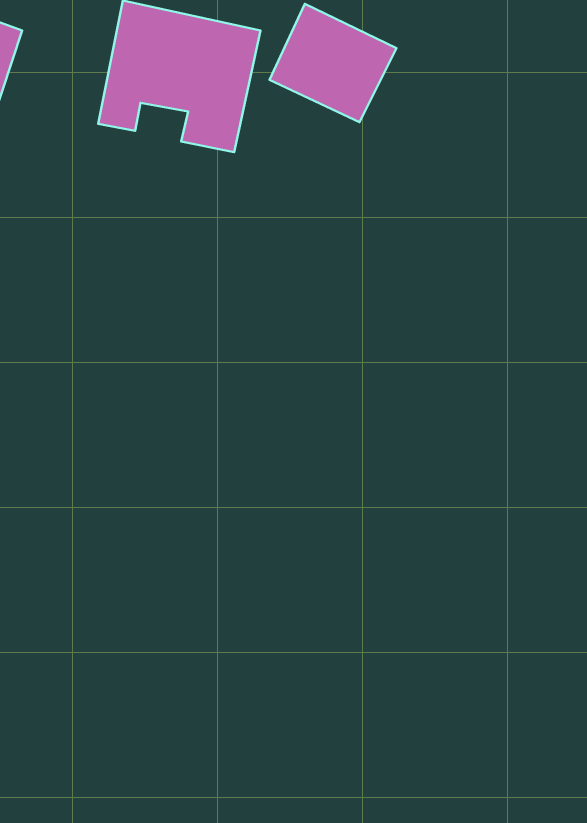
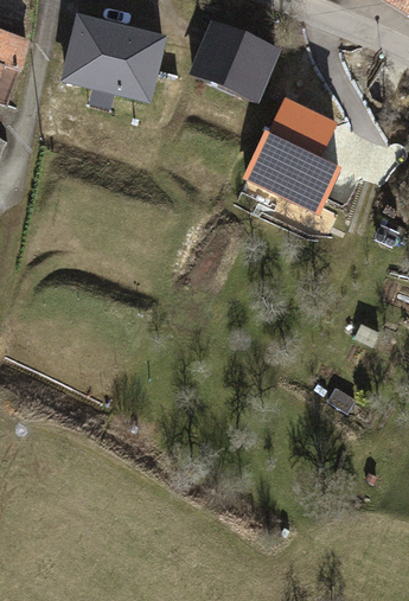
building: none -> [245,94,344,210]

